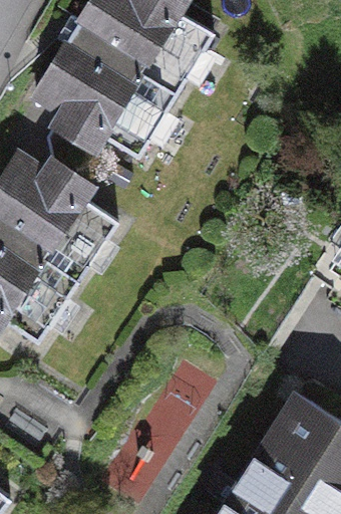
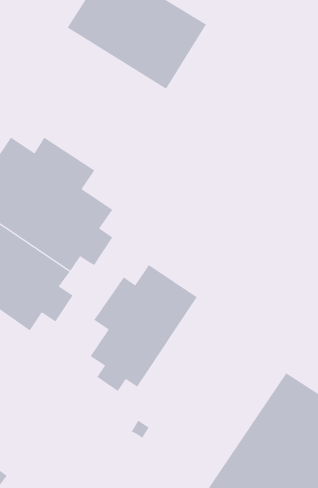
building: [32,38,175,168] -> none
building: none -> [90,264,198,392]

